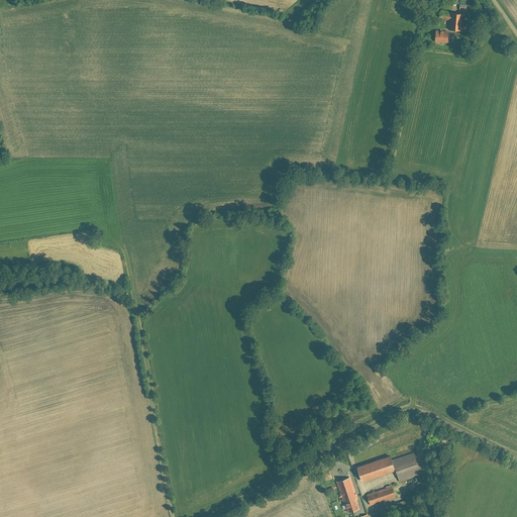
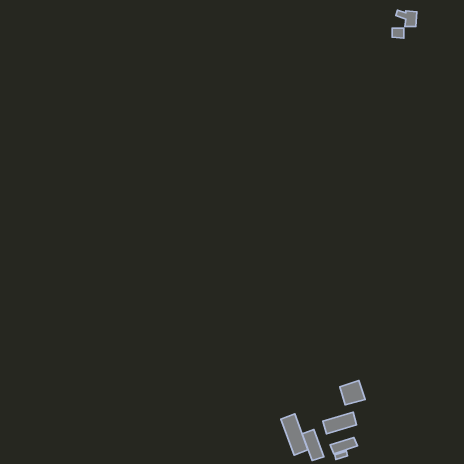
building: [394,453,422,481] -> [340,380,365,405]
building: none -> [281,414,308,455]

